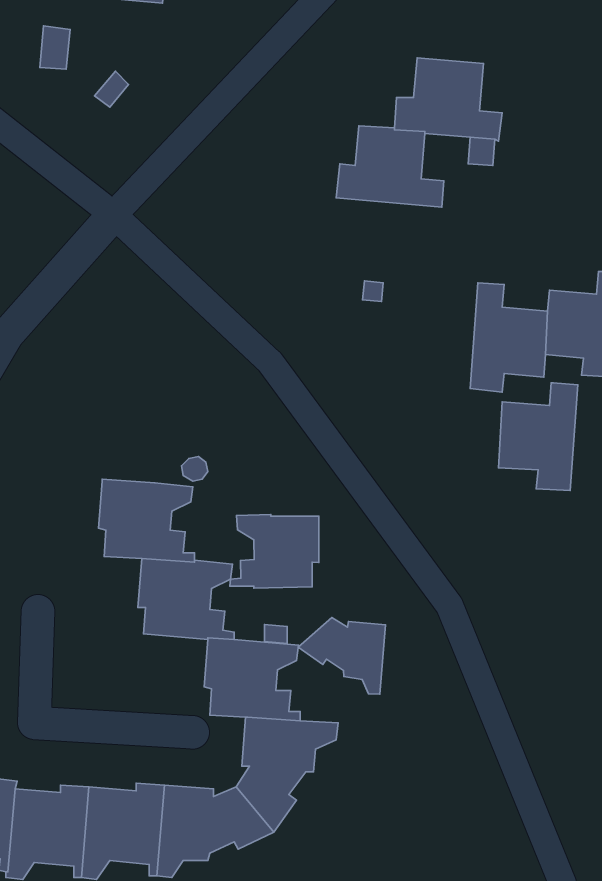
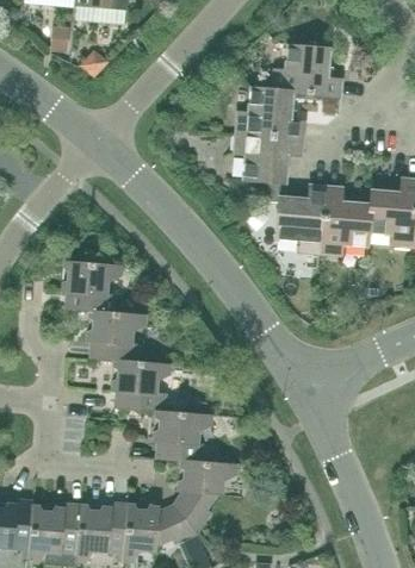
building: none -> [236,132,304,182]
building: [498,383,578,491] -> [277,185,327,252]
building: none -> [62,260,123,312]
building: [230,515,319,588] -> none
building: [298,617,385,694] -> none

